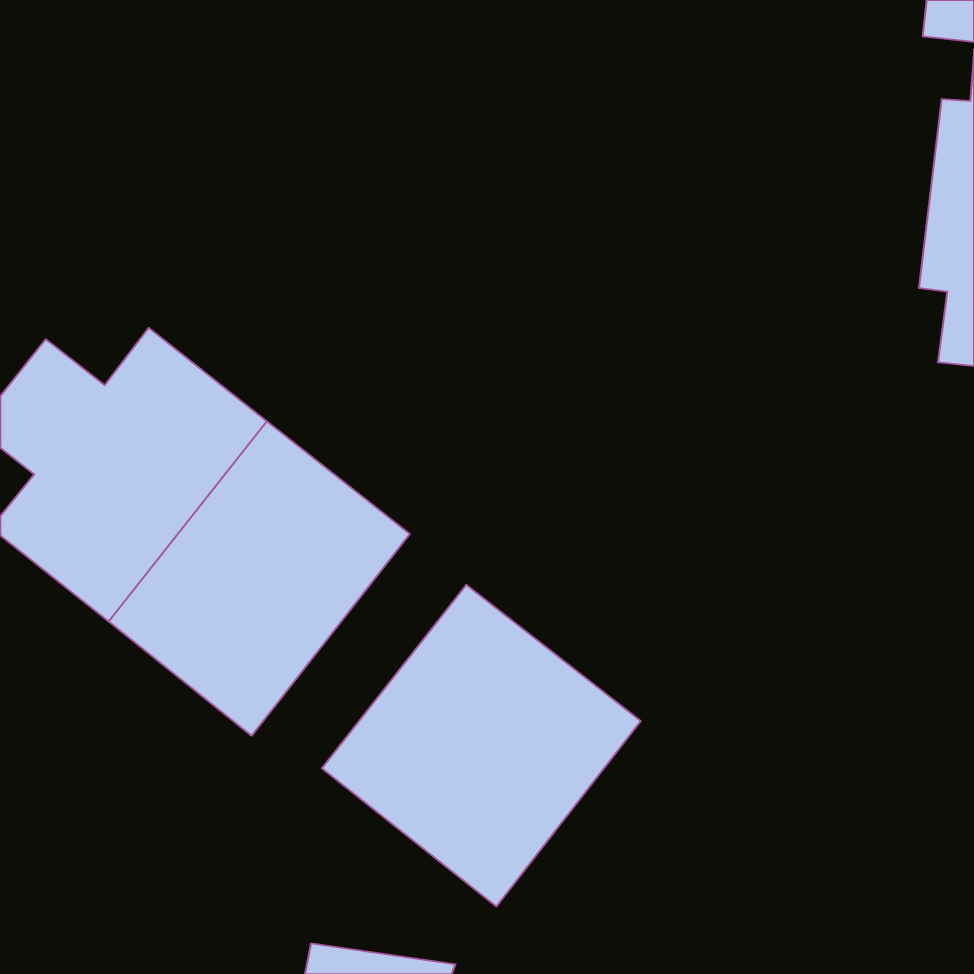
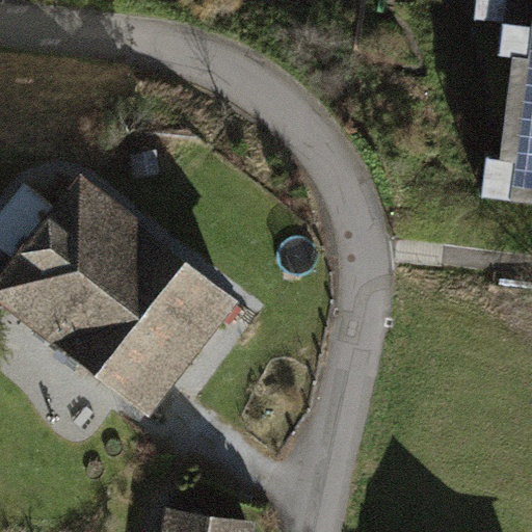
building: [322,585,641,906] -> none

